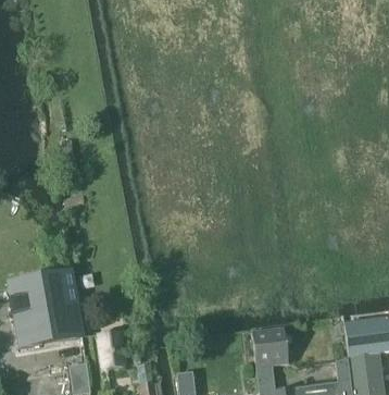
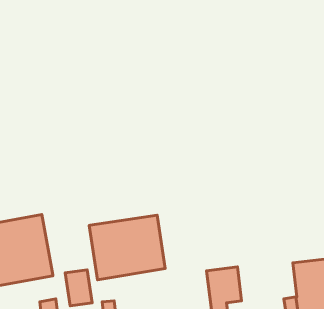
building: none -> [89,215,165,280]

